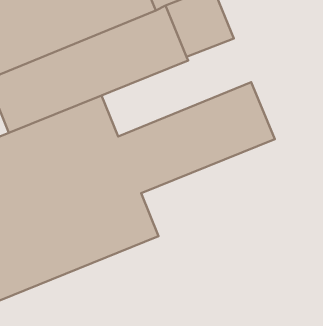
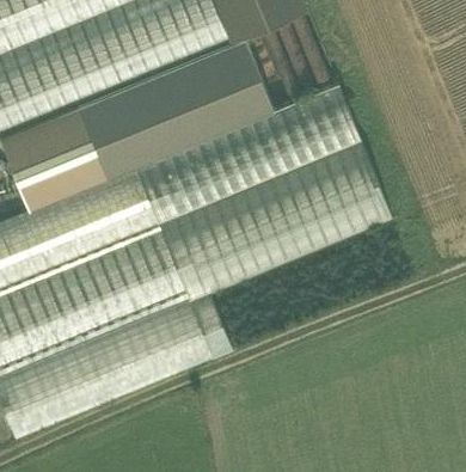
building: none -> [151,80,355,210]

